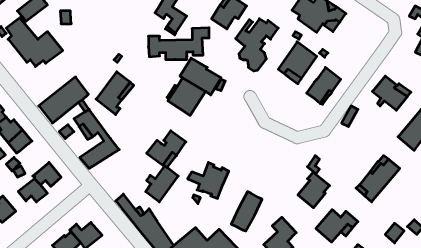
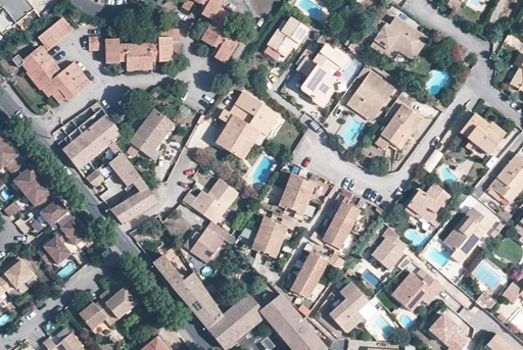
building: [148,28,209,59] -> [104,29,177,66]
building: none -> [278,173,315,216]
building: none -> [406,184,450,221]
building: none -> [38,194,69,224]
building: none -> [323,202,360,249]

